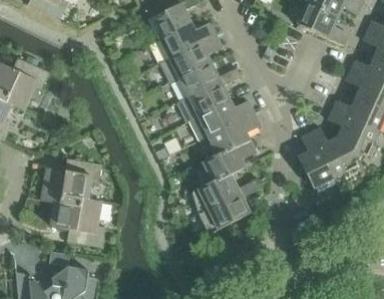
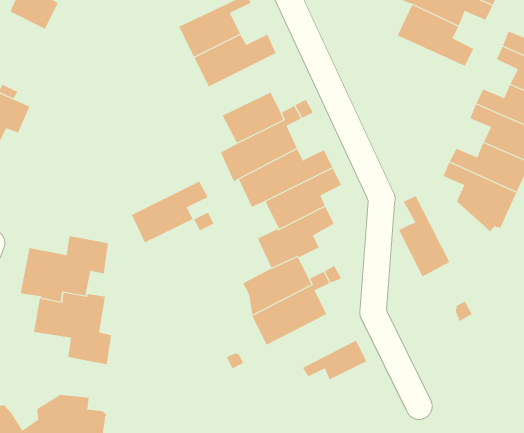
building: [168,36,221,78] -> [131,181,208,243]
building: [309,127,359,178] -> none
building: none -> [302,340,367,380]

